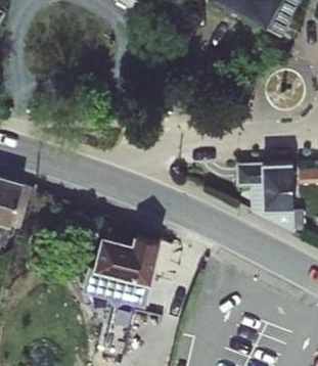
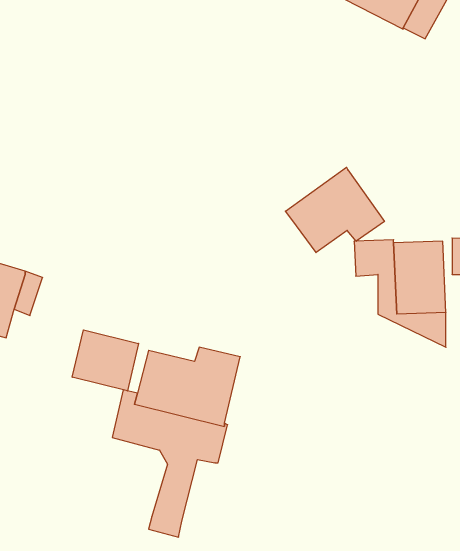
building: none -> [285,167,384,253]
building: none -> [72,330,139,391]

